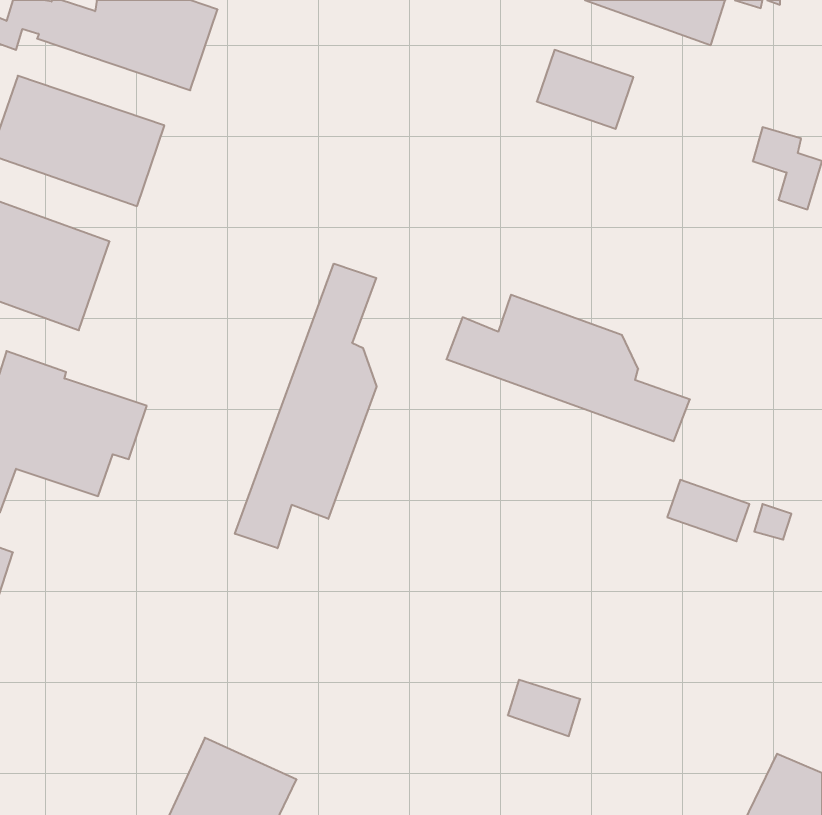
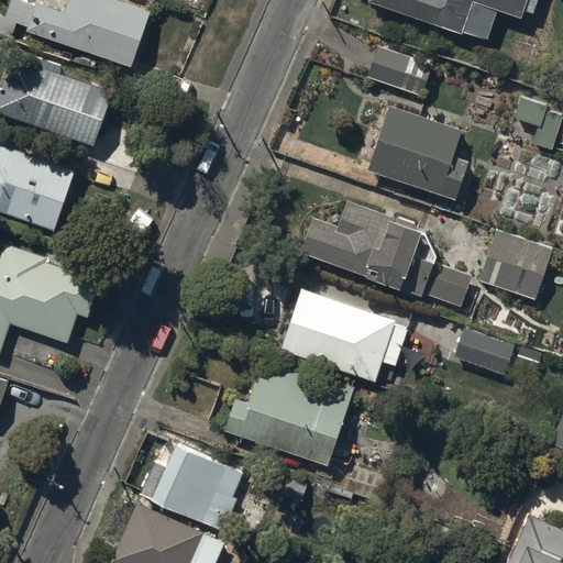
building: none -> [366,101,467,196]
building: [235,264,377,548] -> none
building: none -> [478,235,548,299]
building: none -> [285,297,406,382]
building: none -> [227,364,352,465]
building: none -> [143,448,240,529]

